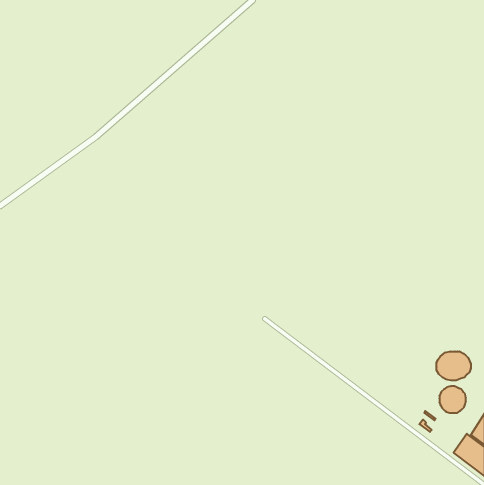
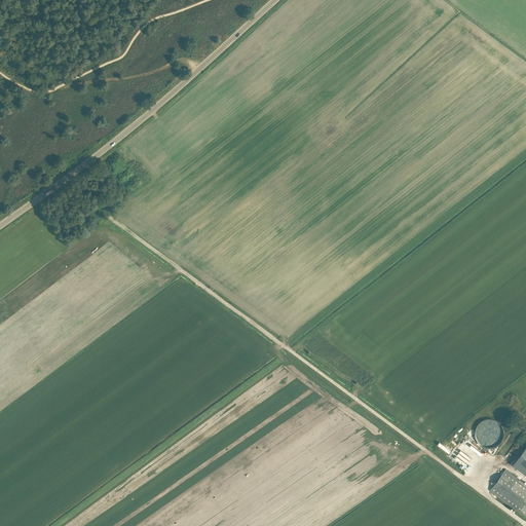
building: [437,351,471,380] -> none

